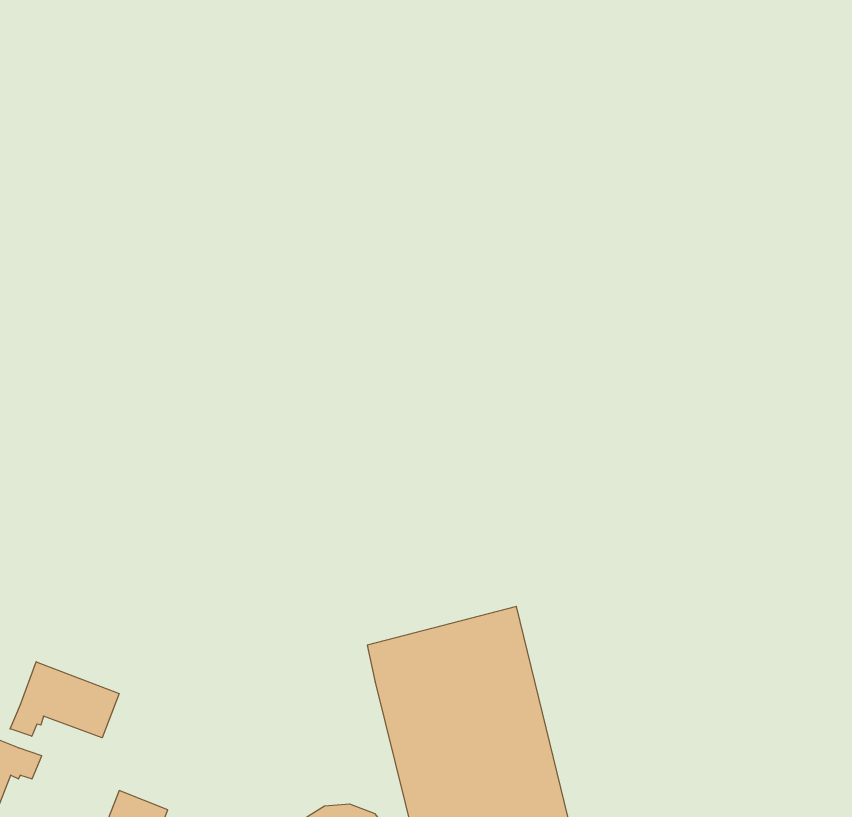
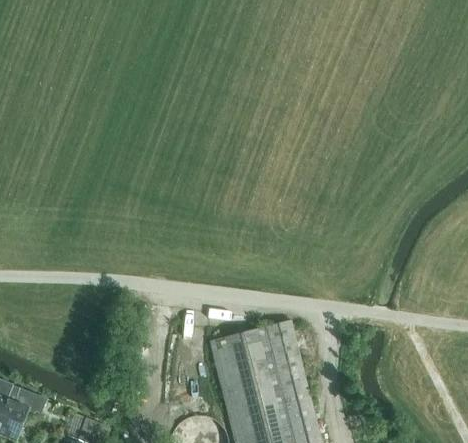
building: [10,662,119,738] -> none

